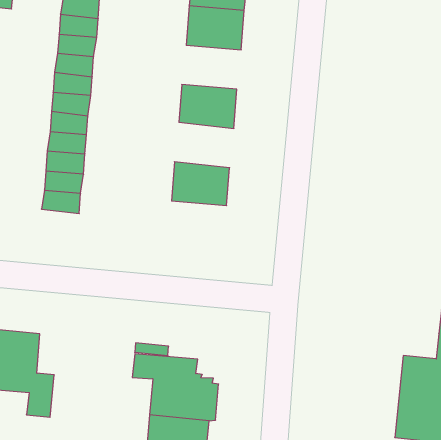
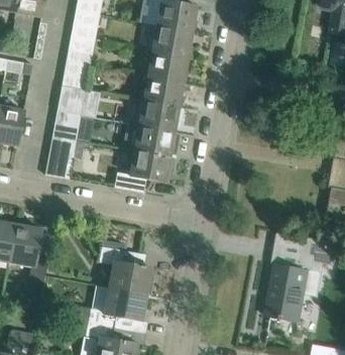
building: none -> [147,49,188,81]
building: none -> [138,99,183,131]
building: none -> [114,146,176,187]
building: none -> [45,147,74,179]

